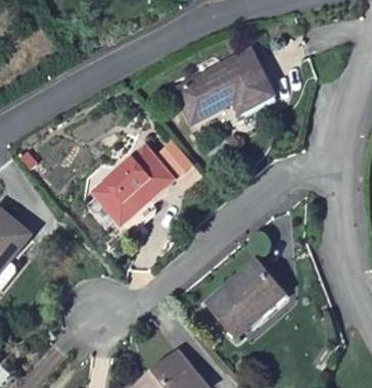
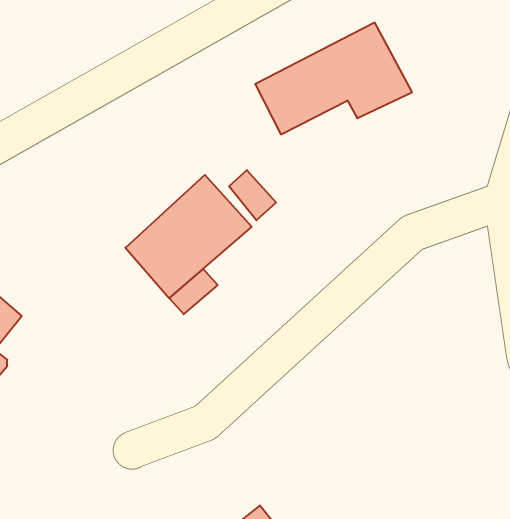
building: [206,259,284,335] -> none

